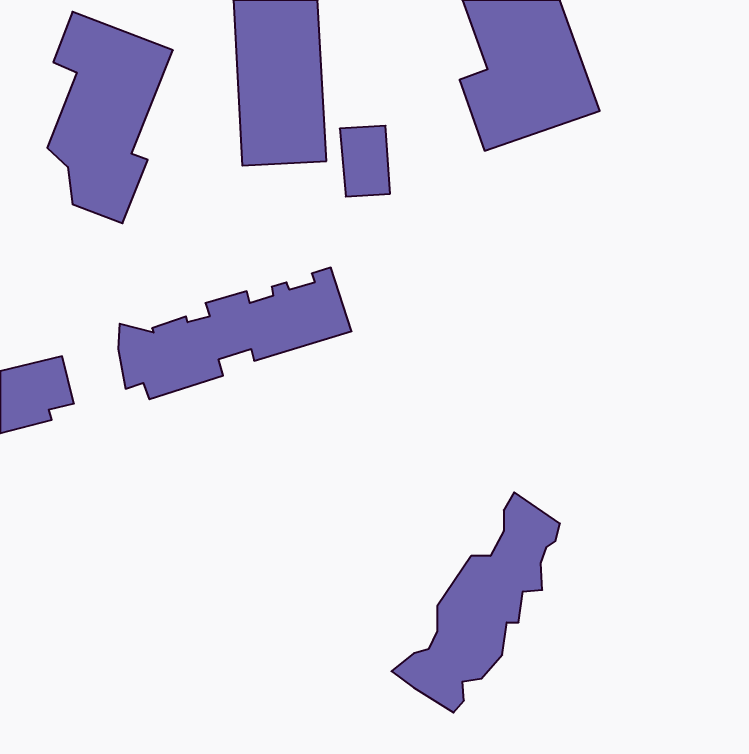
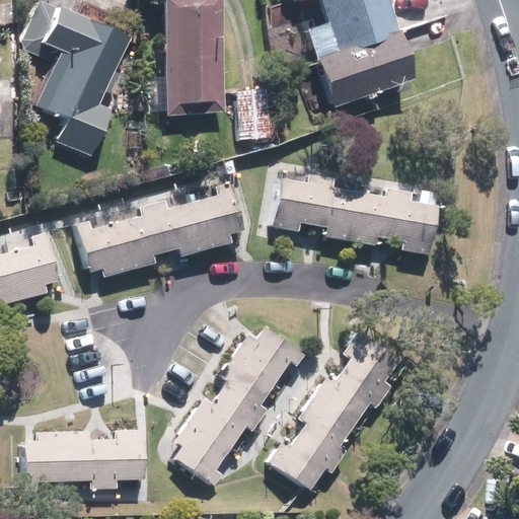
building: none -> [277,179,433,252]
building: none -> [177,325,290,479]
building: none -> [25,433,142,486]

